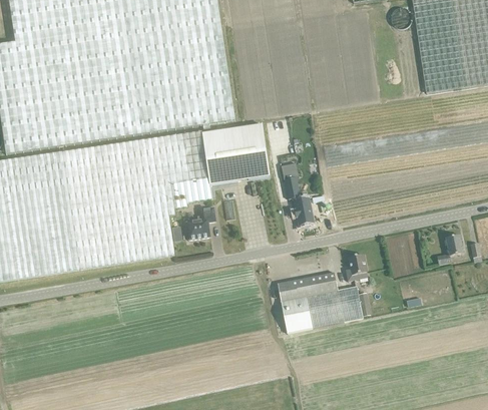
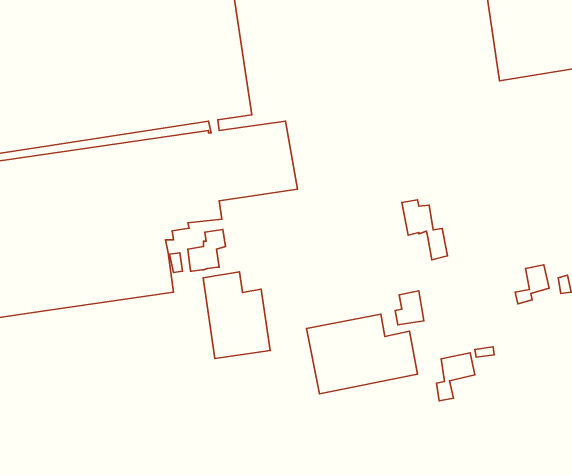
building: [276,172,311,219] -> [402,200,447,260]
building: none -> [203,272,270,358]
building: none -> [436,353,475,401]

